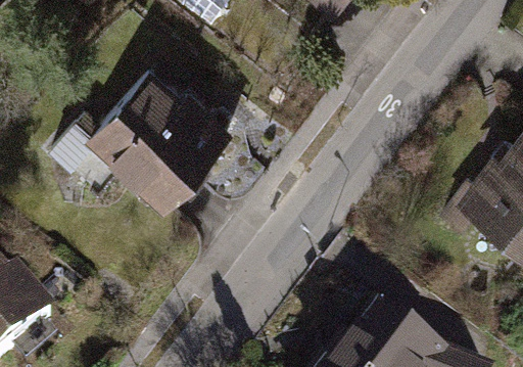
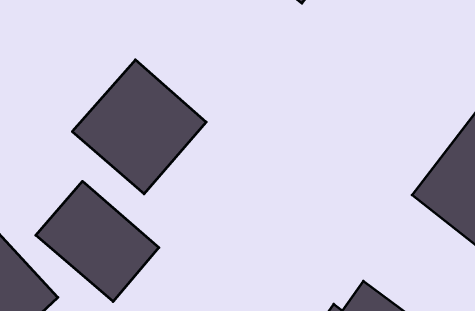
building: none -> [36,181,159,302]

